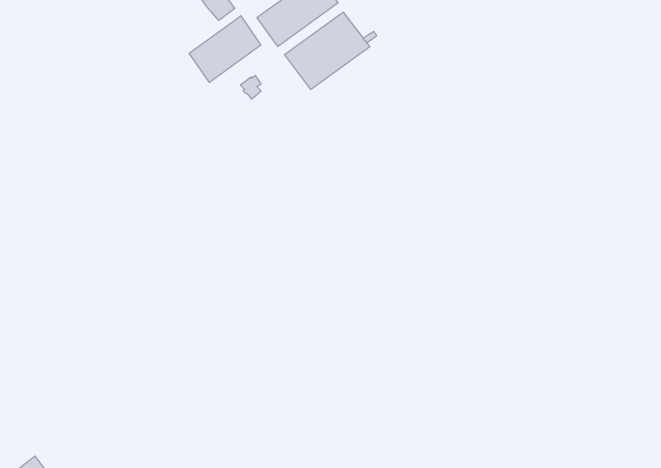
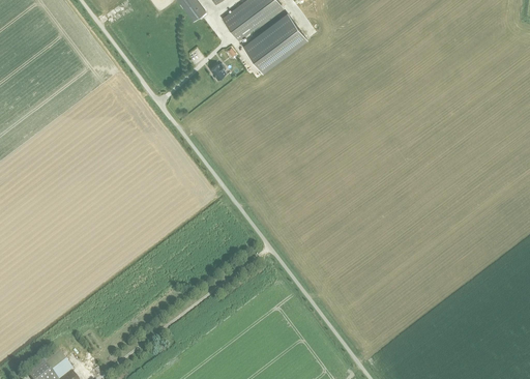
building: [189,16,261,83] -> none

